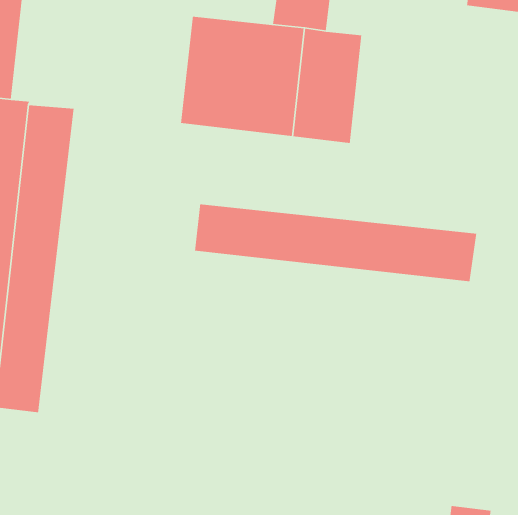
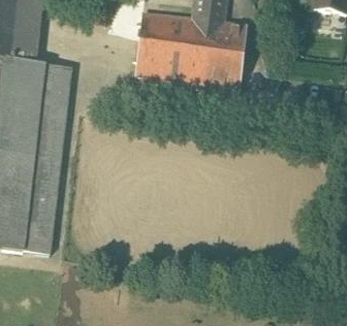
building: [194,204,477,282] -> none

